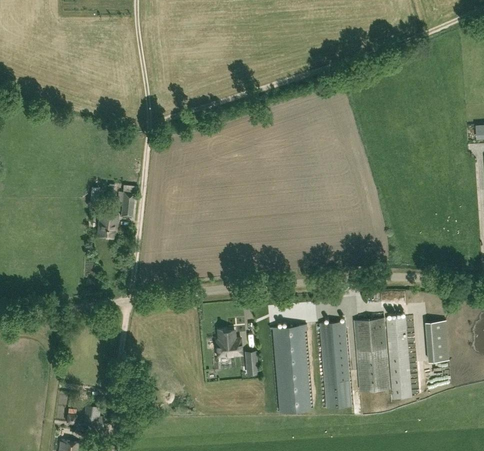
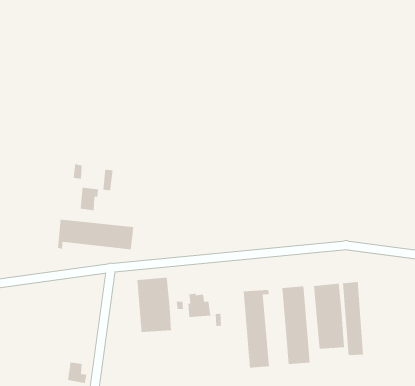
building: none -> [57,219,134,250]
building: none -> [137,277,172,333]
building: [426,319,449,363] -> none

